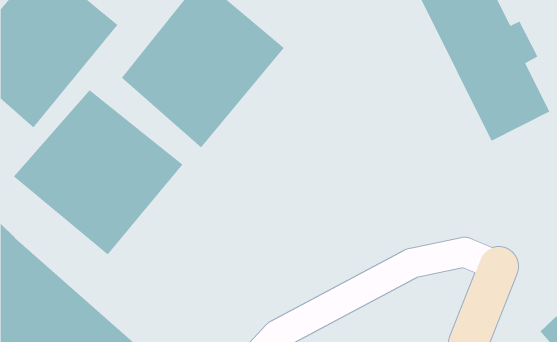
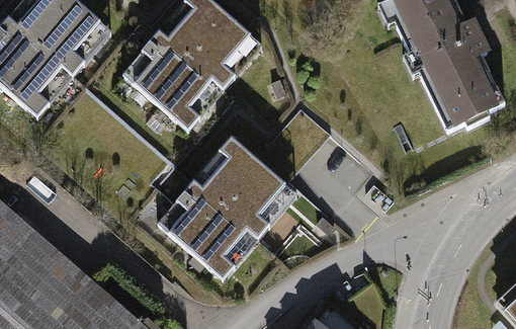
building: [13,89,184,255] -> none
building: none -> [147,128,297,279]

